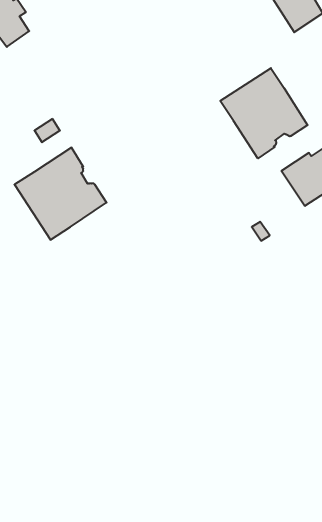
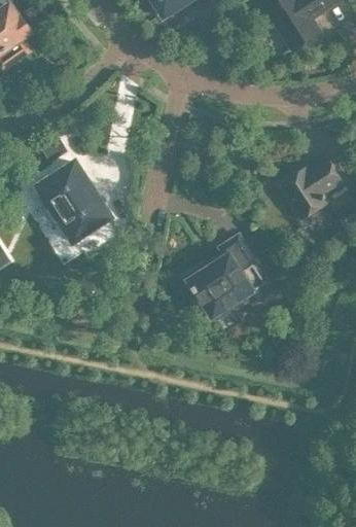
building: [220,68,308,158] -> none
building: none -> [189,236,270,319]

